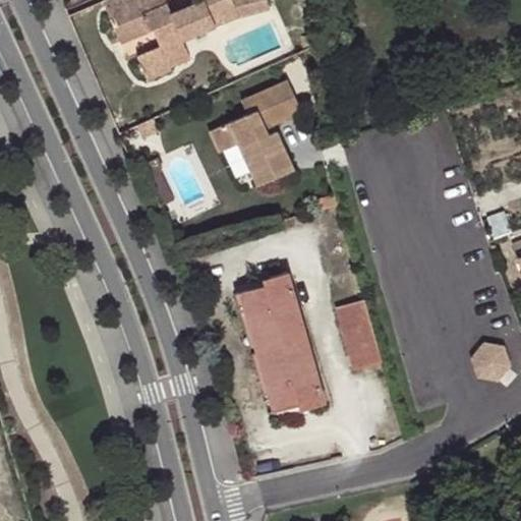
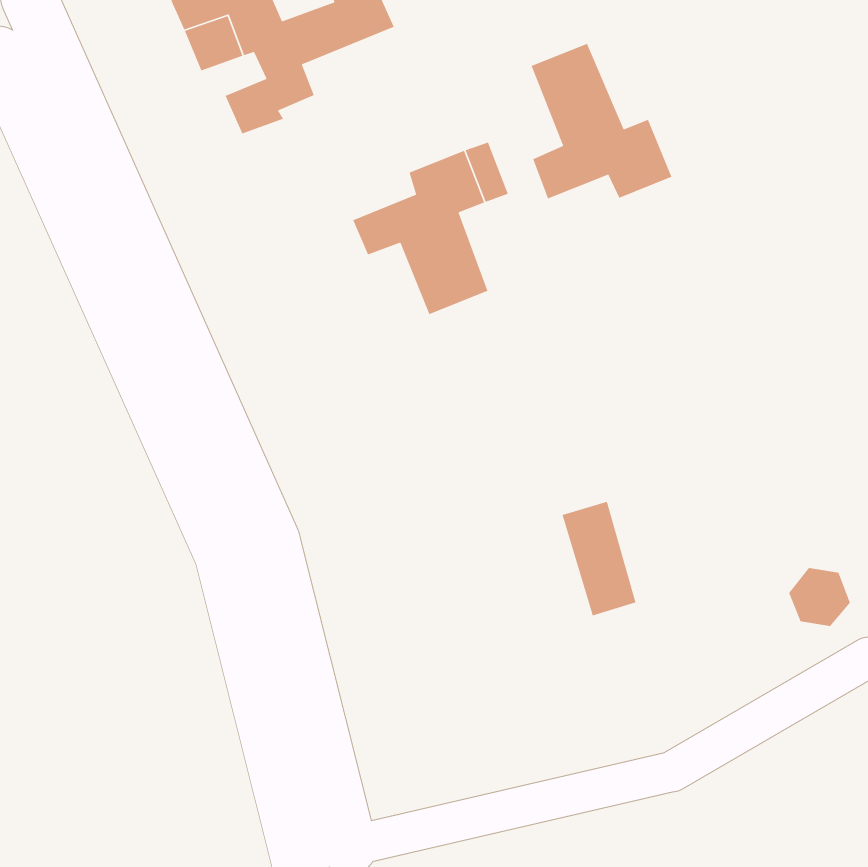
building: none -> [531,43,672,199]
building: [241,273,325,410] -> none

